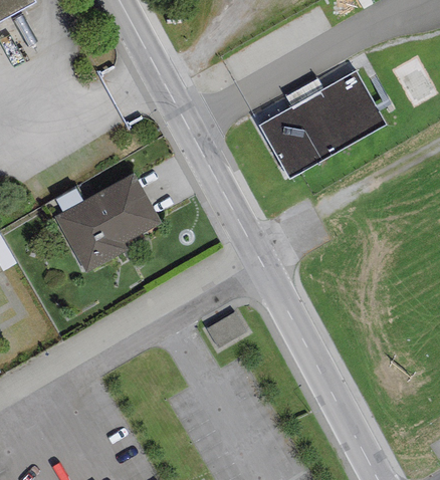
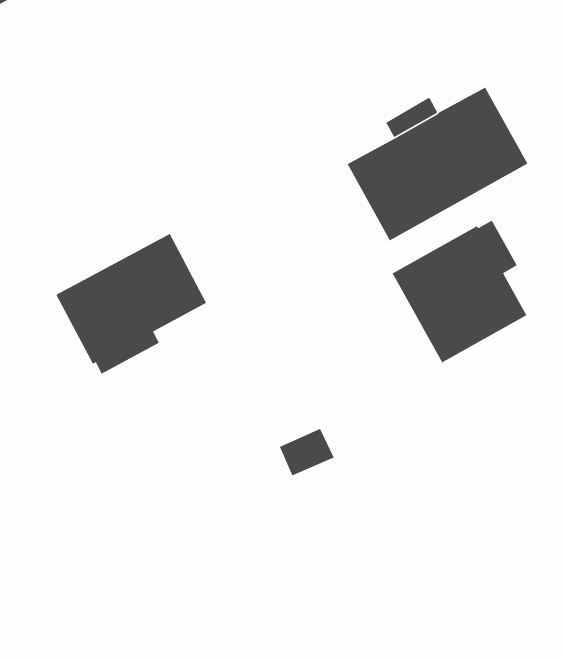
building: none -> [391,219,527,364]

